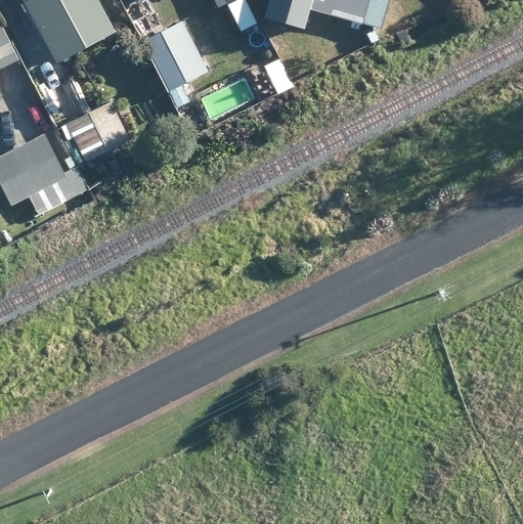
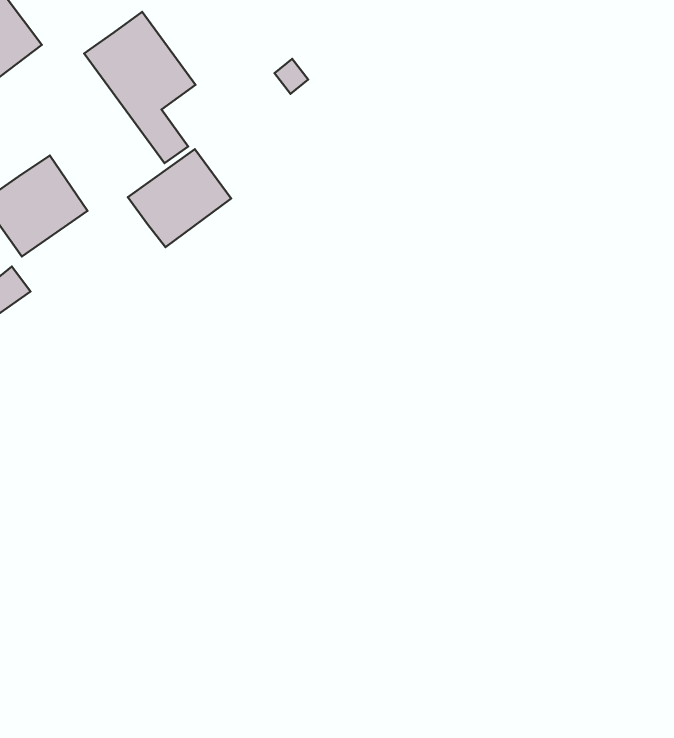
building: none -> [128,149,231,247]

